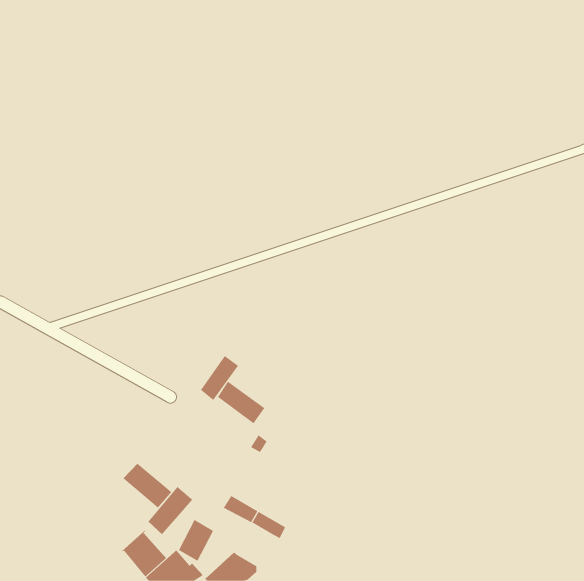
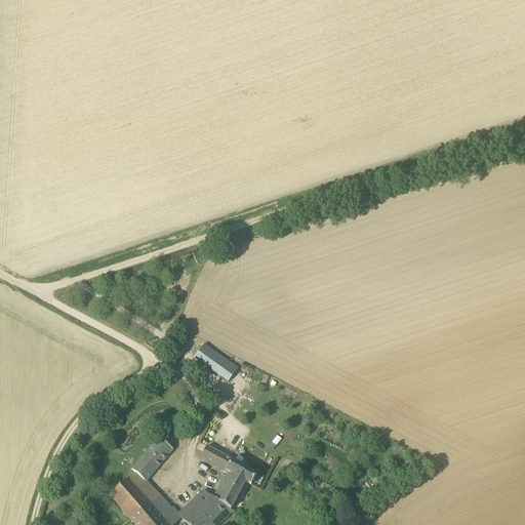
building: [200,355,239,401] -> none
building: [123,463,172,509] -> none
building: [178,519,214,562] -> [213,470,245,508]

